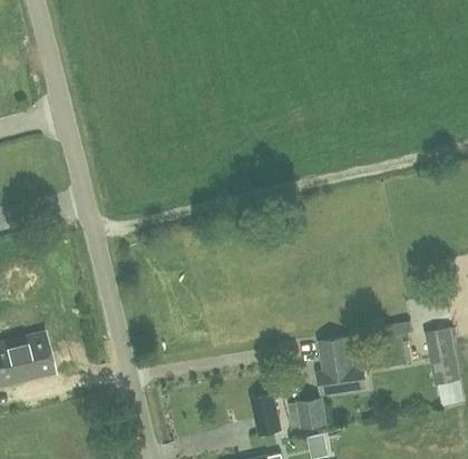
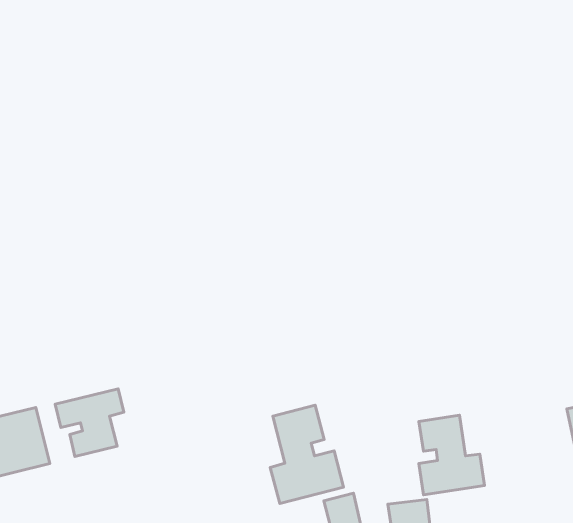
building: none -> [55,389,124,457]
building: none -> [270,405,344,504]

